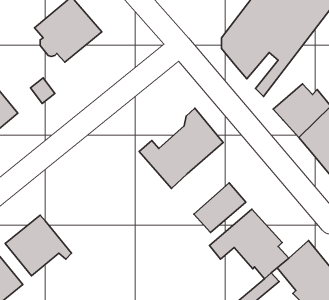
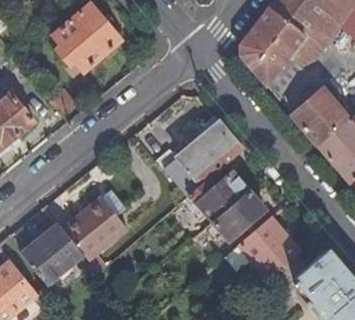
building: none -> [183,174,250,224]
building: none -> [61,199,127,264]

